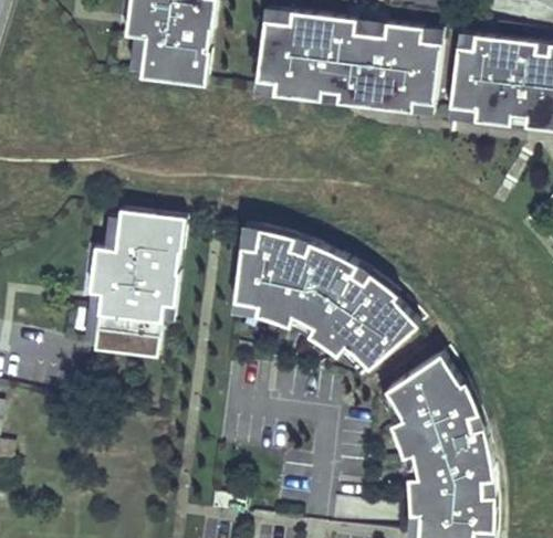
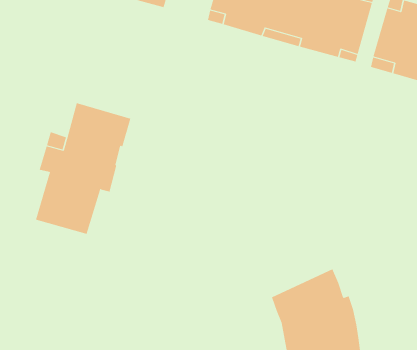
building: [232,225,418,376] -> none

